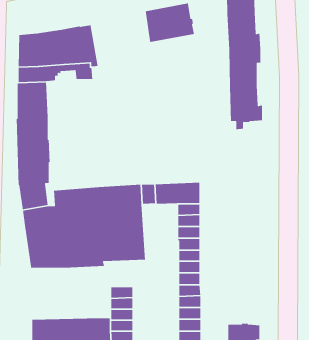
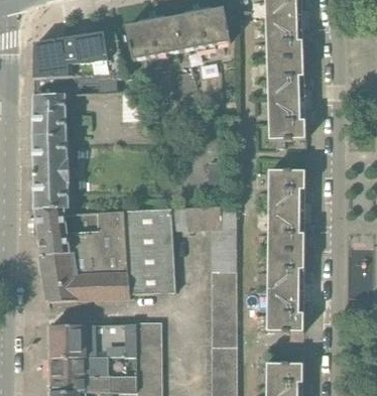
building: none -> [126,16,179,60]
building: none -> [267,169,304,333]
building: none -> [48,324,125,358]

